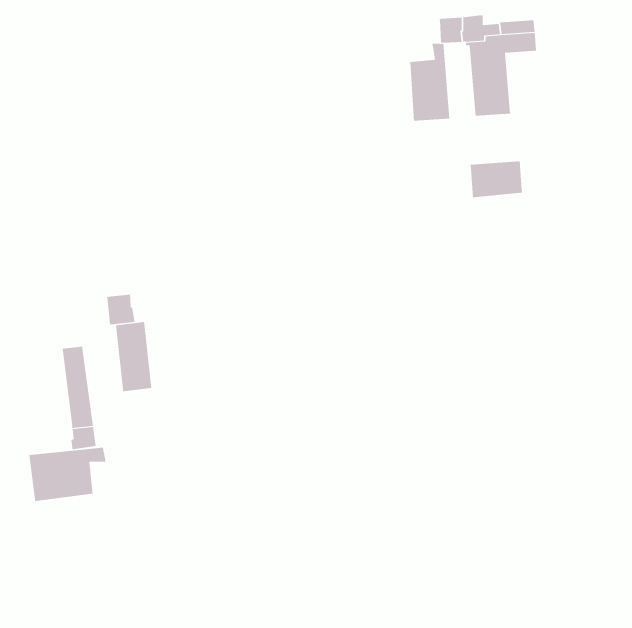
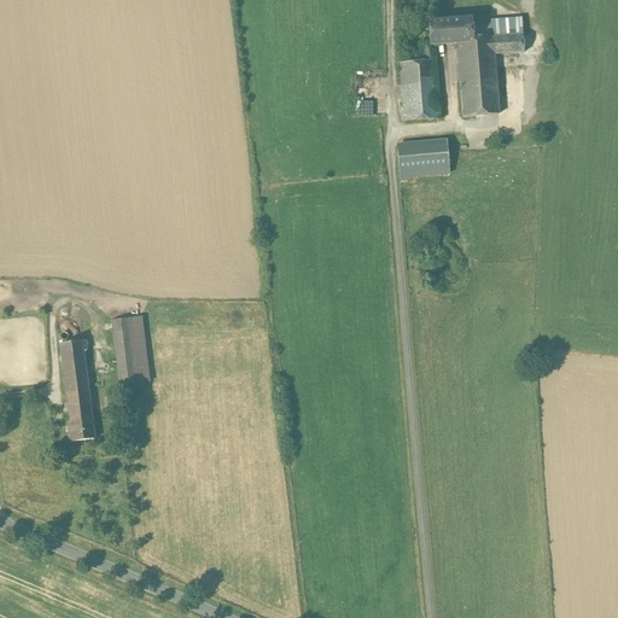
building: [470,161,523,198] -> [397,139,449,175]
building: [107,294,135,326] -> none
building: [29,447,106,502] -> none

